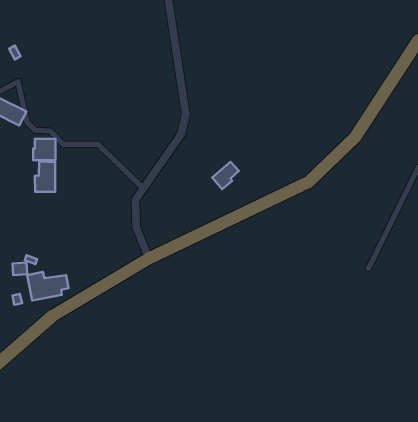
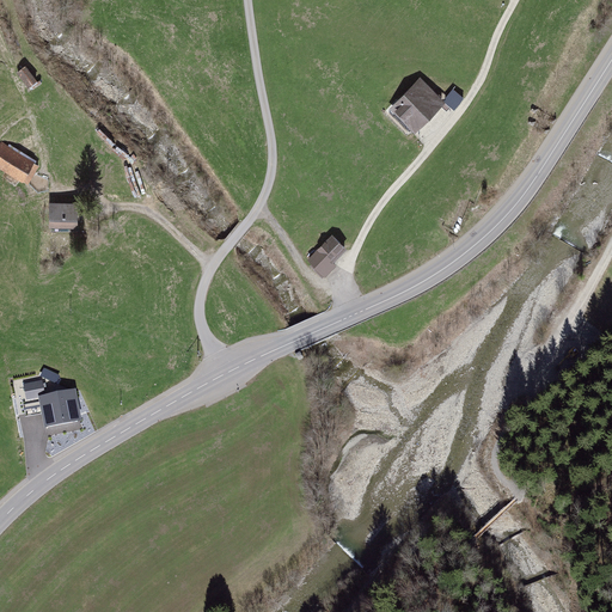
building: none -> [386,75,446,136]
building: [35,162,55,192] -> none

